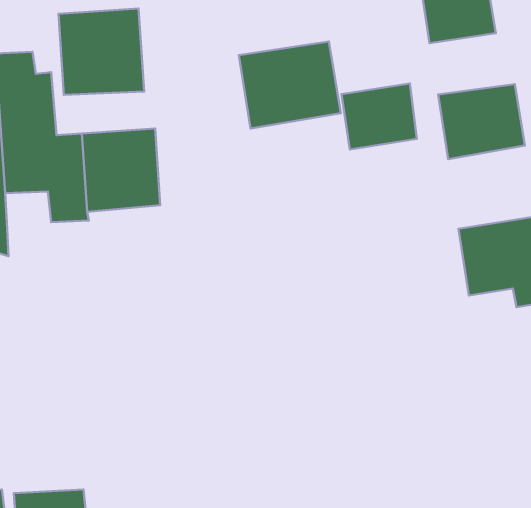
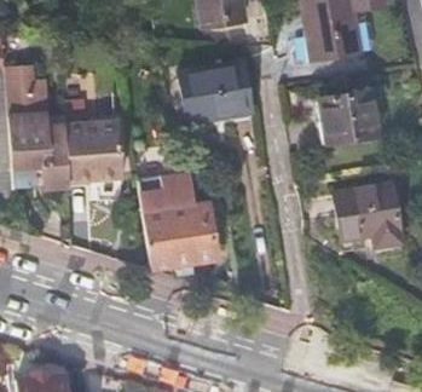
building: [58,9,144,95] -> none
building: [341,83,417,149] -> none
building: none -> [137,173,218,267]

